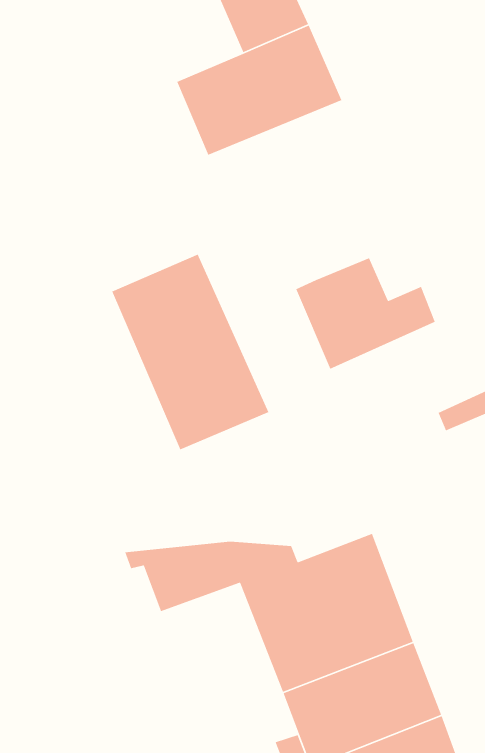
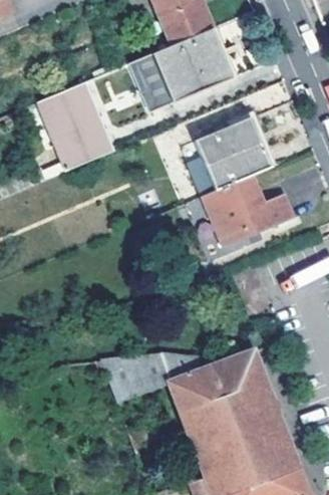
building: none -> [35,81,113,172]
building: none -> [197,117,271,189]
building: [111,253,269,450] -> none

